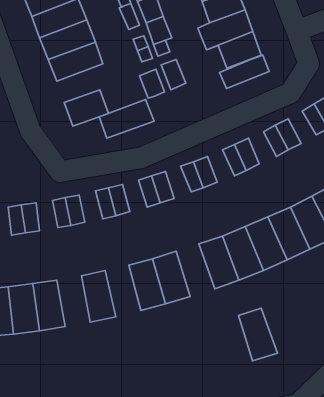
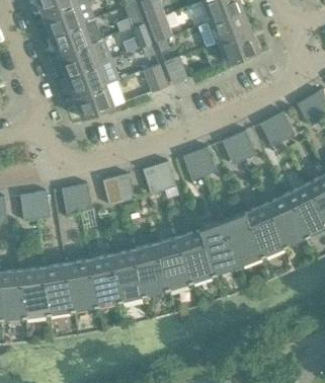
building: [219,55,269,88] -> none
building: [99,100,154,138] -> [66,61,117,97]
building: none -> [111,250,145,299]
building: none -> [66,260,97,308]
building: [239,308,277,361] -> [178,230,215,280]

